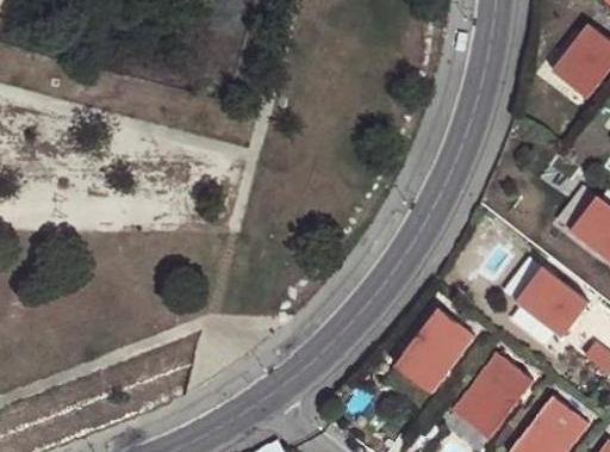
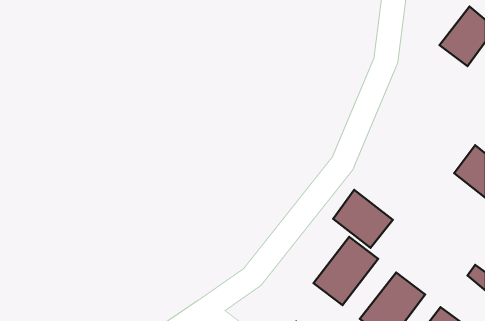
building: [515,266,589,338] -> [333,190,393,248]

